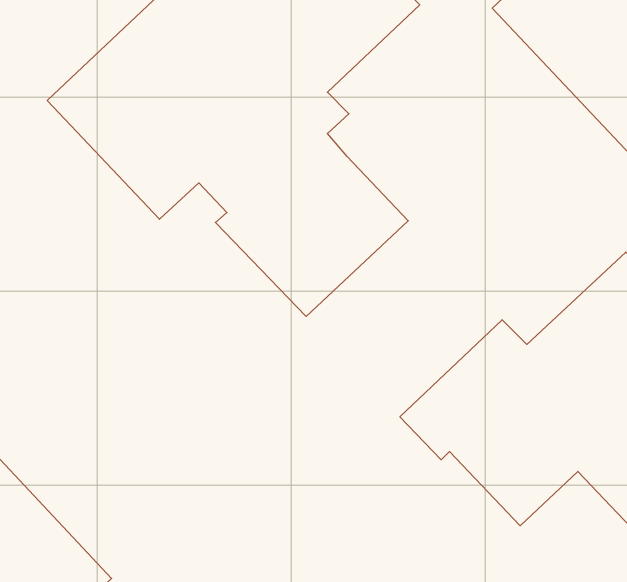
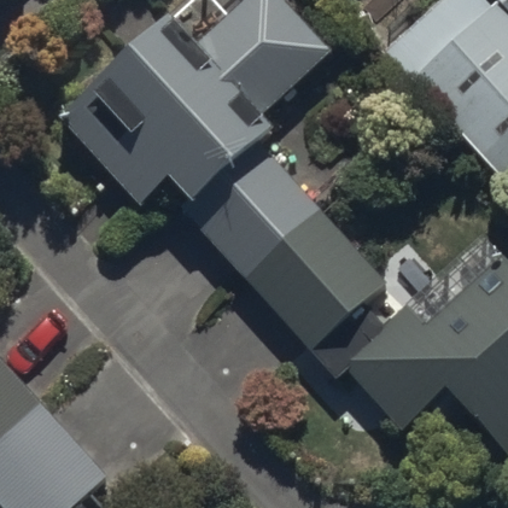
building: none -> [247,208,391,351]

